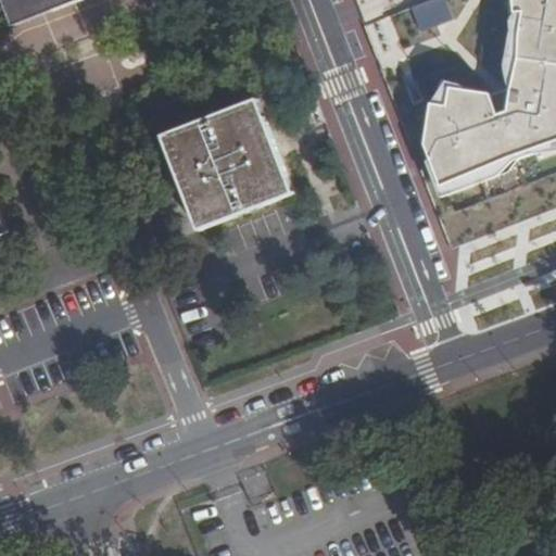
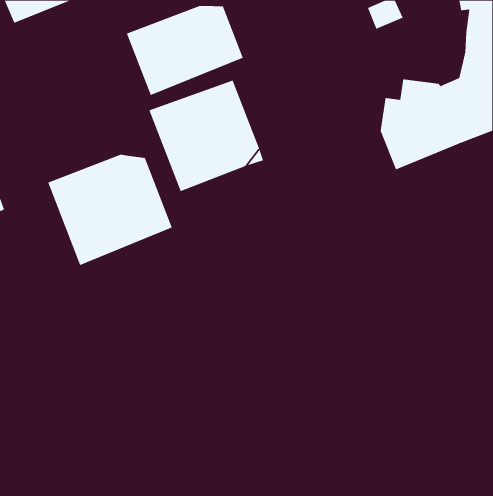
building: none -> [126,5,243,96]
building: none -> [47,154,172,266]

